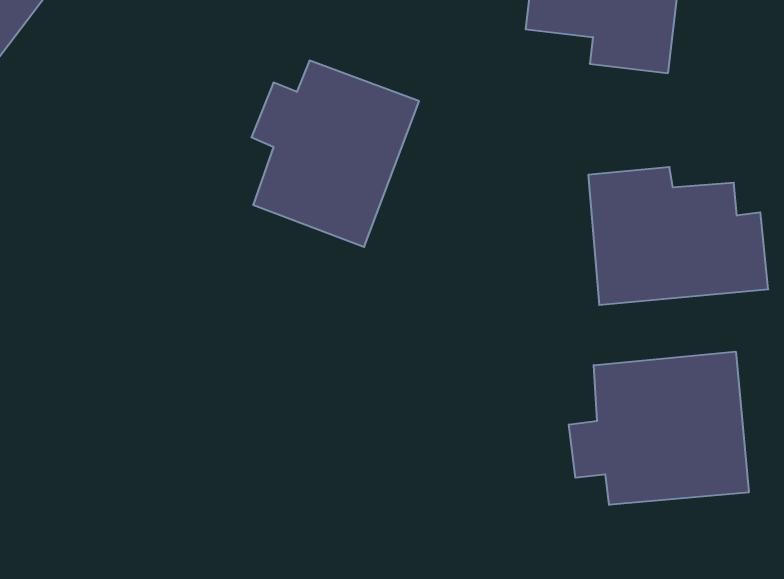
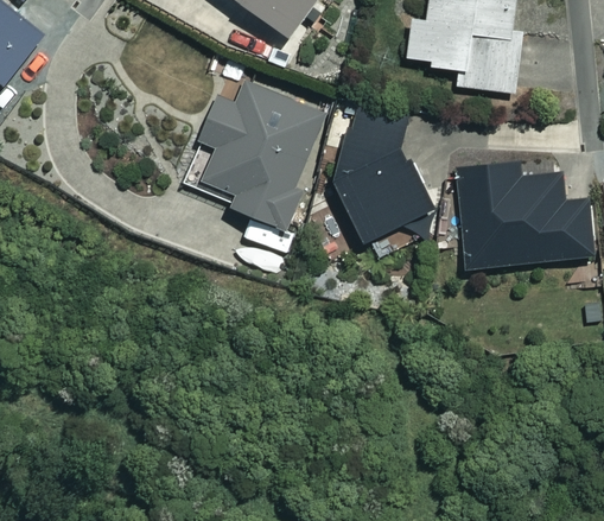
building: none -> [333,102,430,256]
building: [569,352,749,505] -> none

